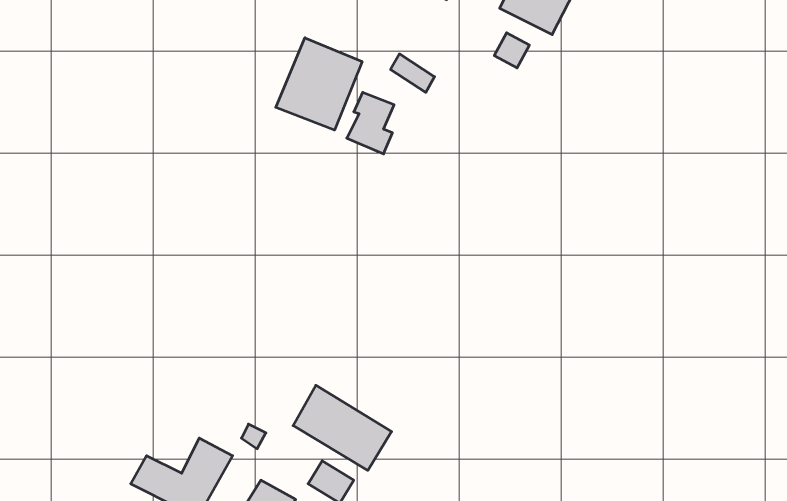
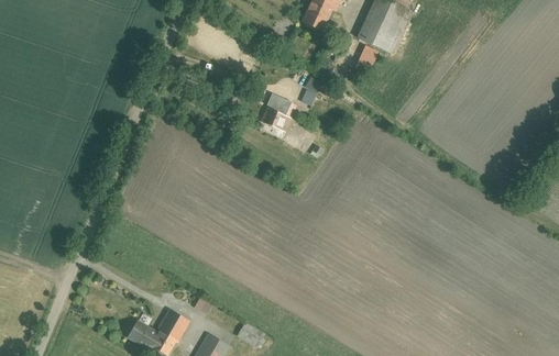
building: [276,38,362,130] -> none
building: [293,385,392,470] -> none

